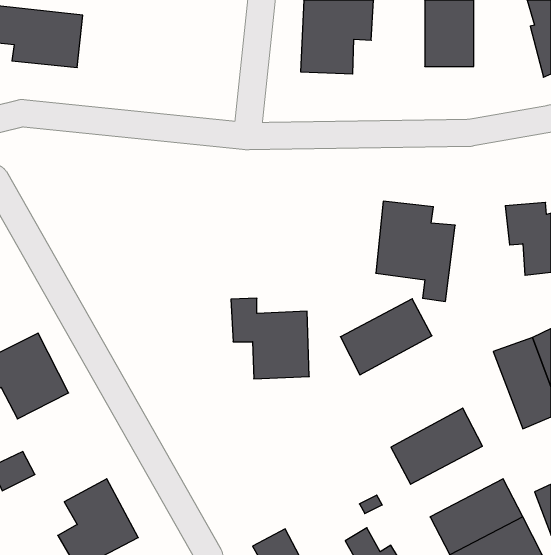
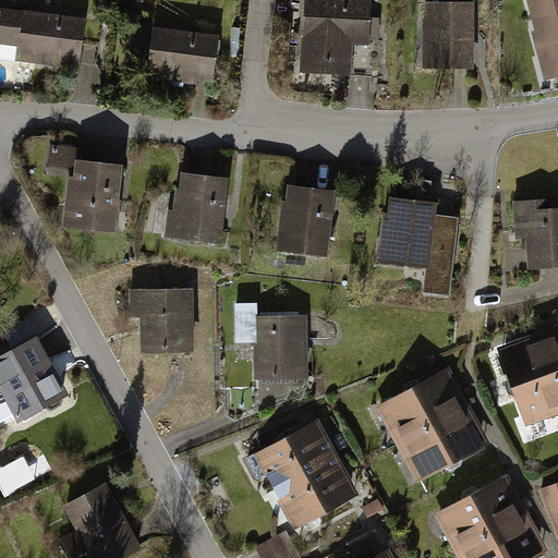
building: none -> [147,28,220,84]
building: none -> [43,144,125,232]
building: none -> [166,171,231,242]
building: none -> [277,184,335,256]
building: none -> [130,286,196,353]
building: [340,299,432,375] -> [372,373,463,449]
building: none -> [248,417,355,527]

